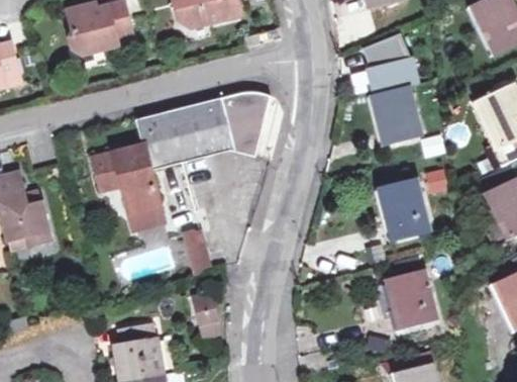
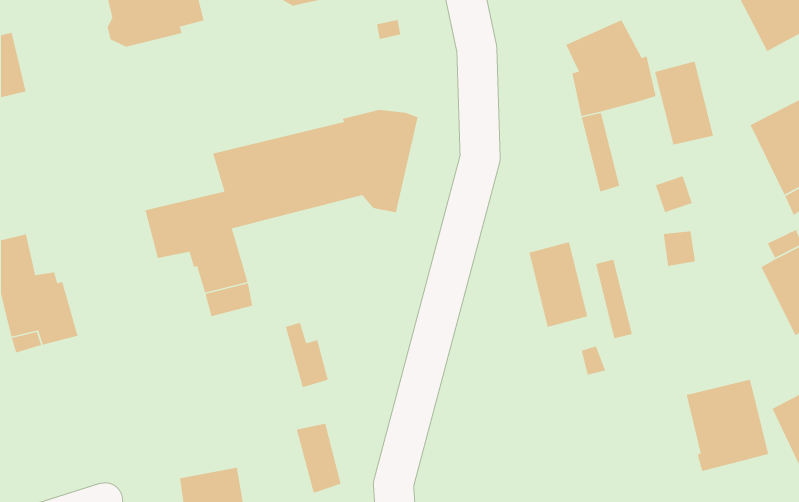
building: [386,87,424,141] -> [654,61,714,146]
building: [394,181,432,236] -> [528,241,588,328]
building: [385,271,438,330] -> [686,379,769,472]

